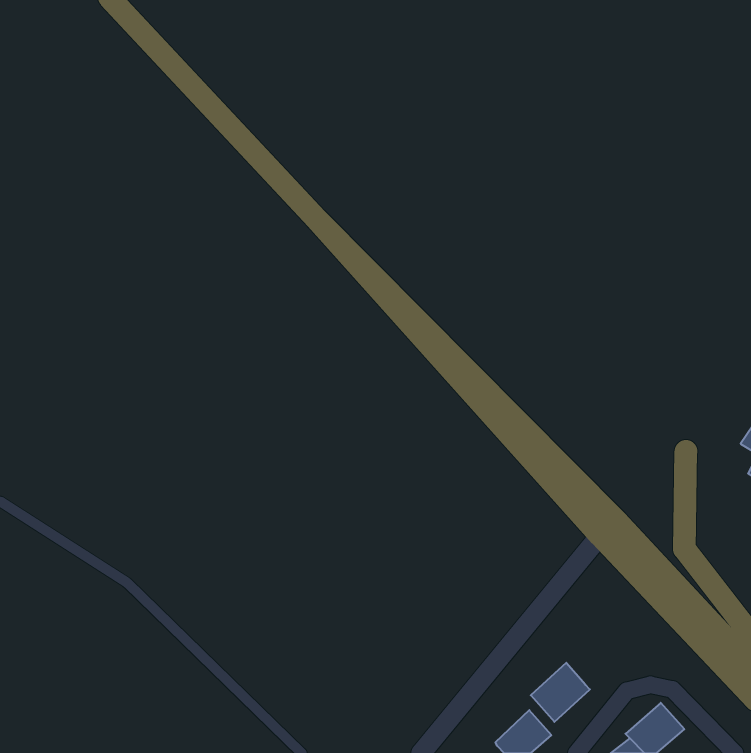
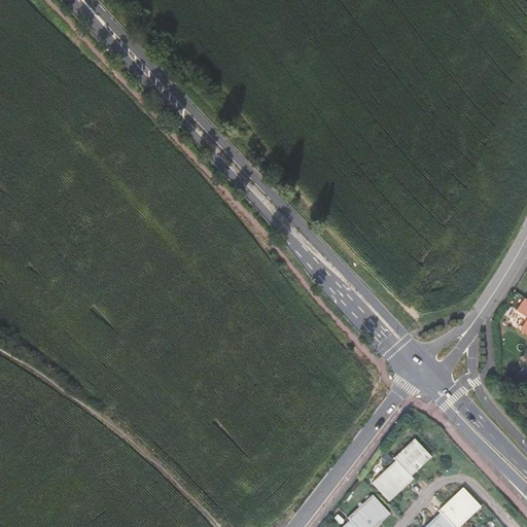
building: none -> [394,438,432,477]

